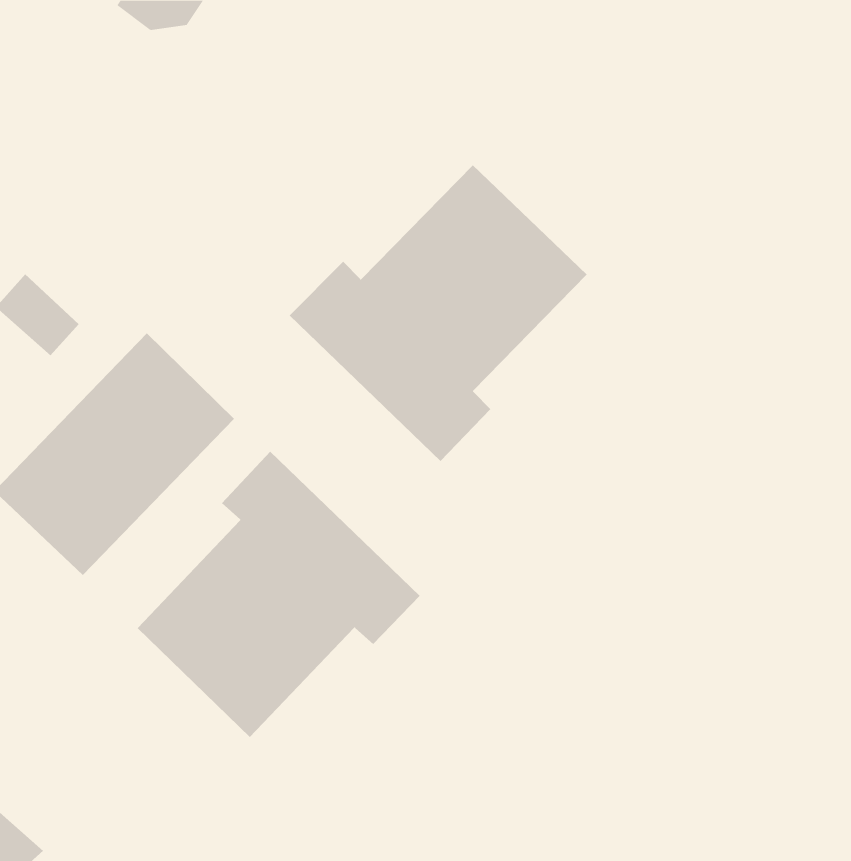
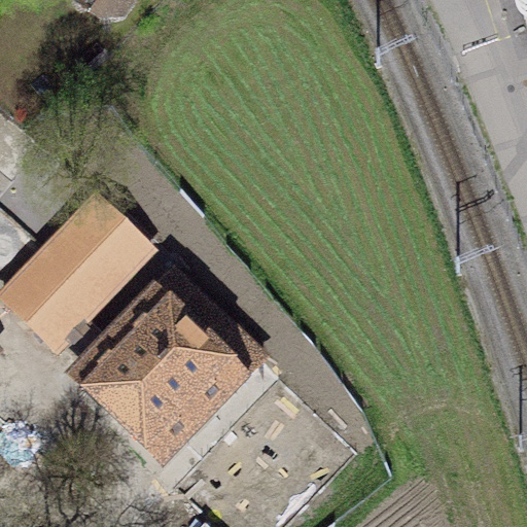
building: [289,164,588,462] -> none

